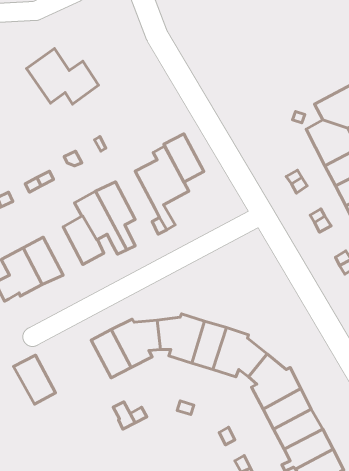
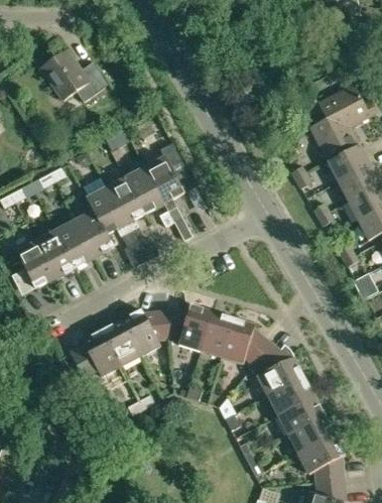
building: [164,134,204,182] -> [125,167,163,214]
building: none -> [55,221,94,267]
building: [14,355,56,404] -> [81,330,121,377]

